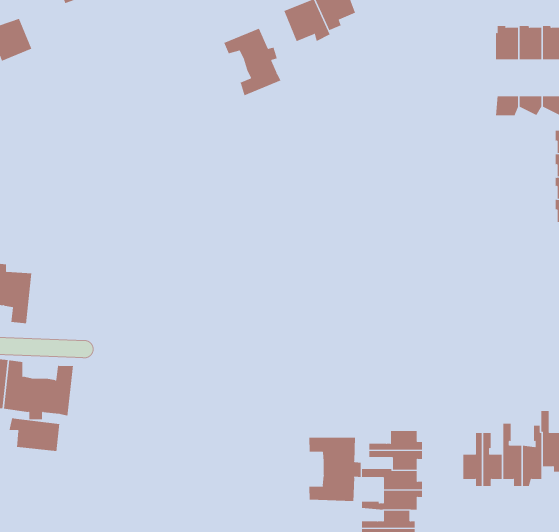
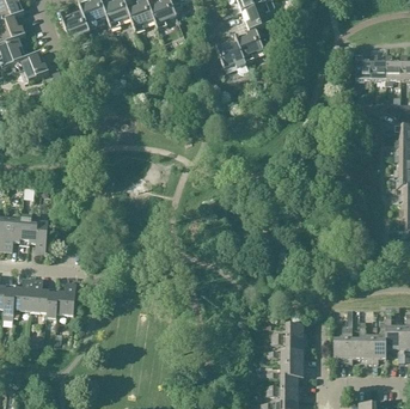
building: [223,28,281,96] -> none
building: [9,417,60,452] -> none
building: [309,437,361,502] -> none

